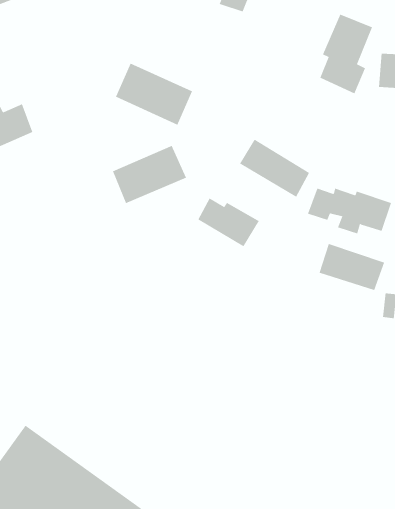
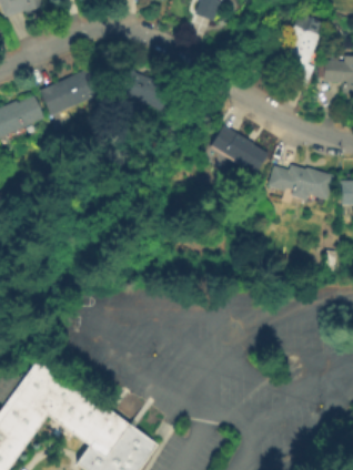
building: [112,145,187,204] -> [39,70,100,118]
building: [198,198,259,247] -> none
building: [319,243,385,291] -> none

